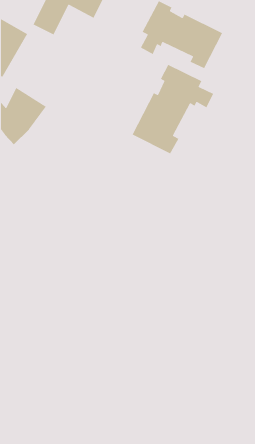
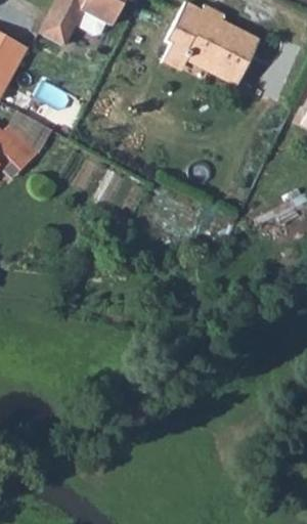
building: [132,64,214,155] -> none

